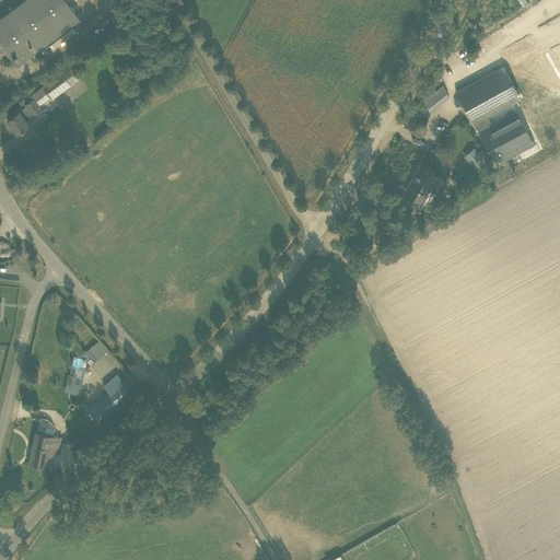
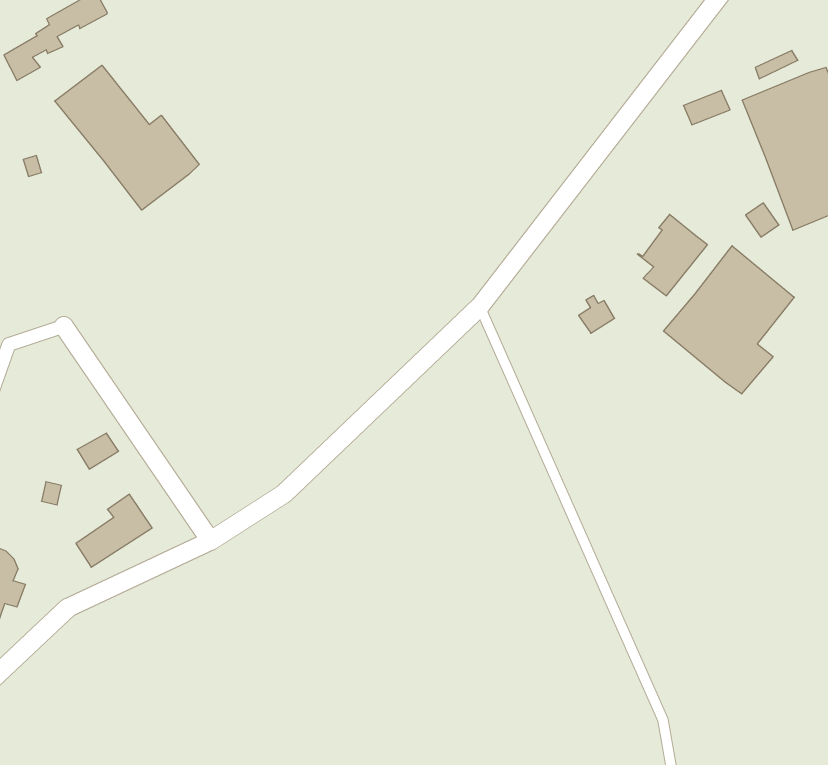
building: none -> [55,65,199,210]
building: none -> [664,246,794,394]

